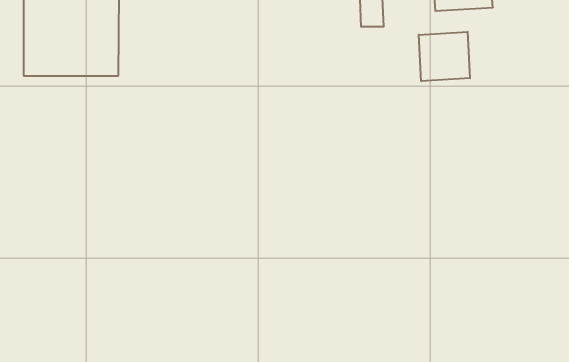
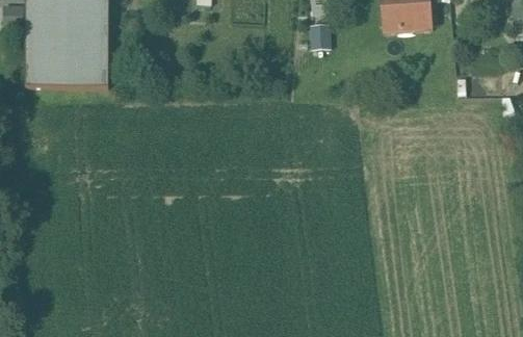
building: [419,32,470,81] -> none

